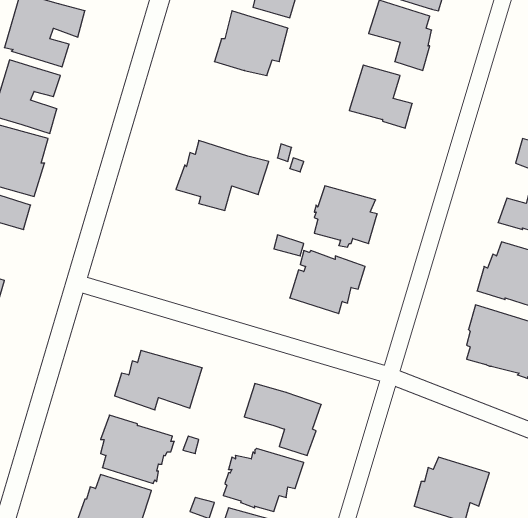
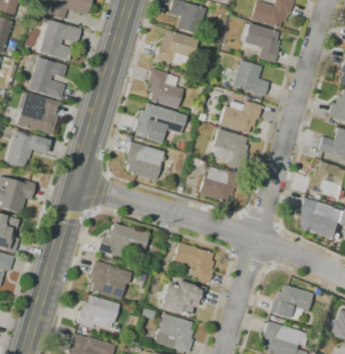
building: none -> [146,68,183,108]
building: none -> [219,100,261,133]
building: none -> [124,142,164,182]

